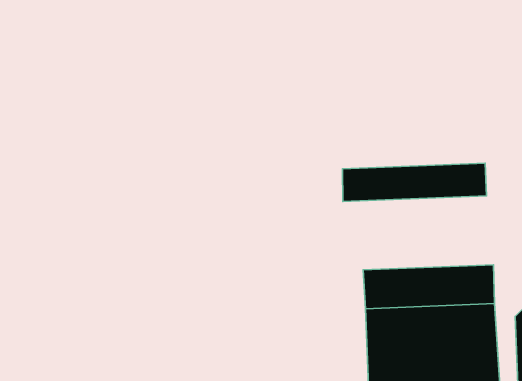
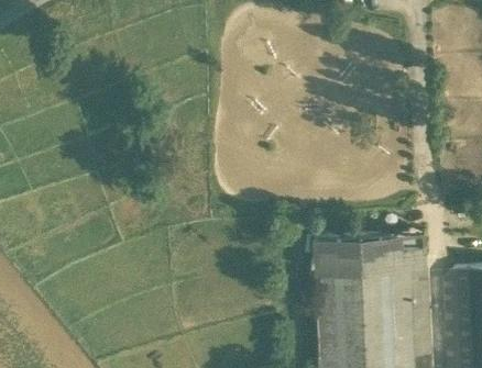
building: [343,163,487,202] -> none

